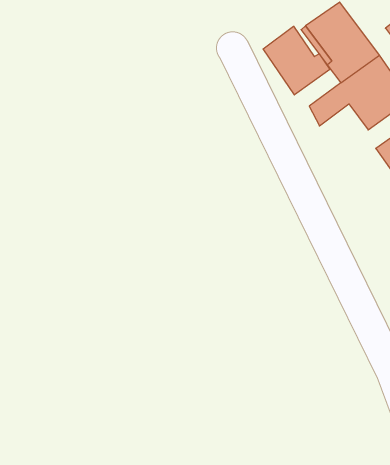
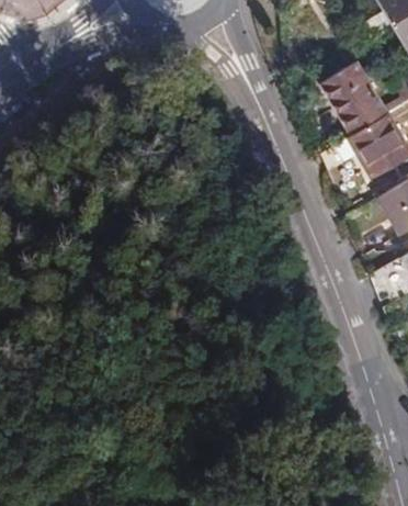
building: [263,26,330,95] -> none

